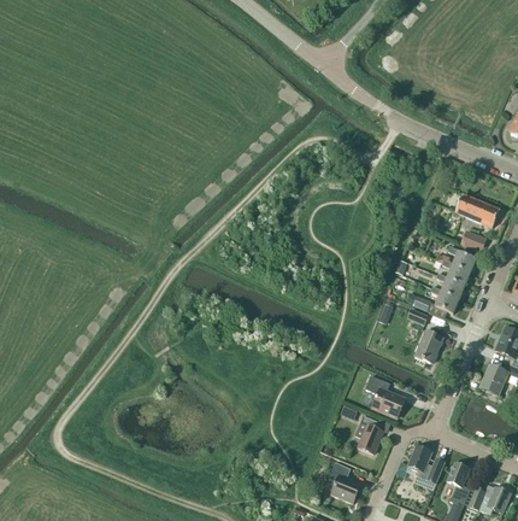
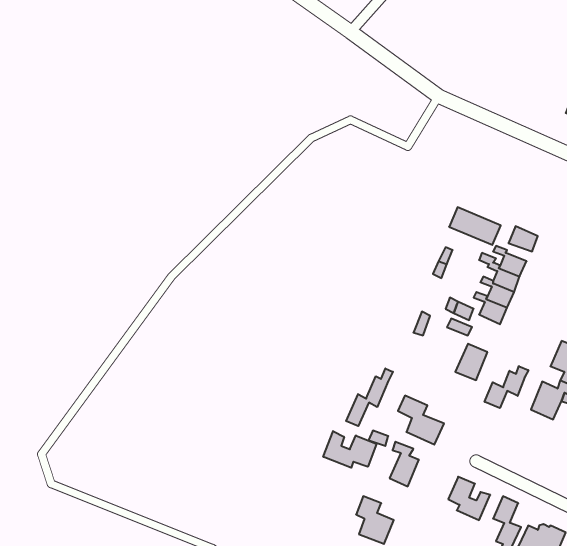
building: [455,194,500,227] -> [449,207,501,245]
building: none -> [485,366,528,408]
building: none -> [346,368,393,426]
building: none -> [323,431,377,468]

